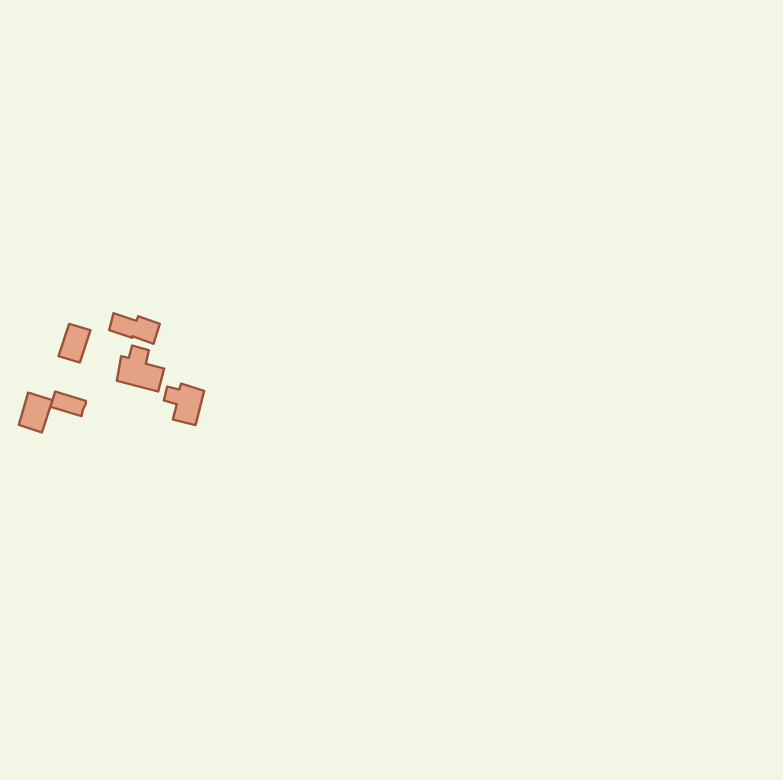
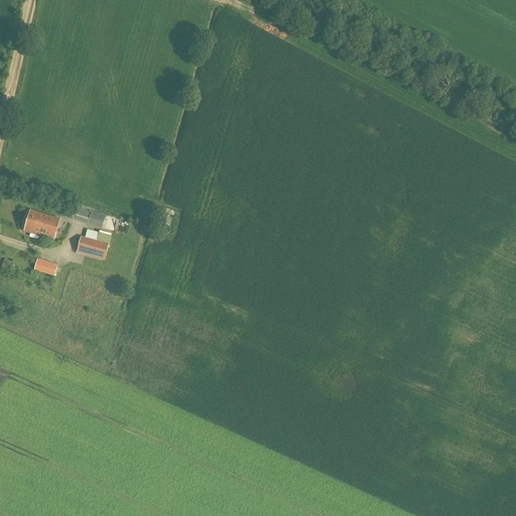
building: [164,383,204,425] -> none
building: [19,393,53,432] -> [23,208,45,234]

